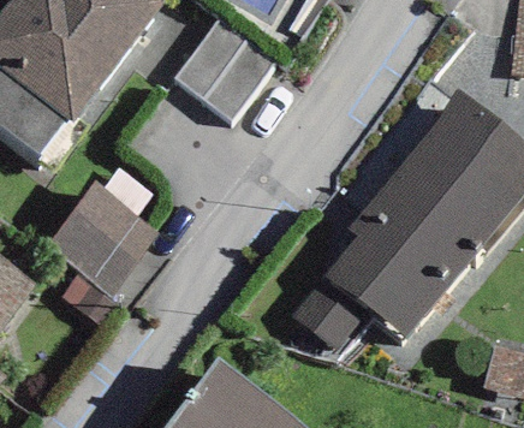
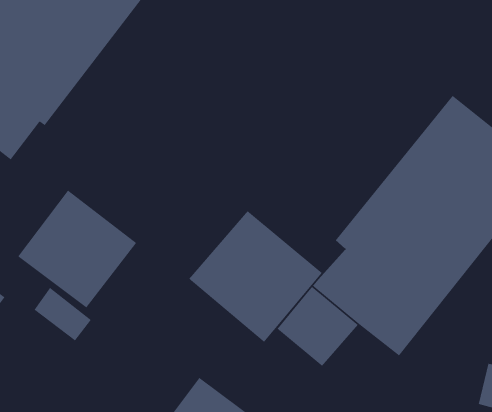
building: [173,16,281,124] -> none
building: none -> [188,210,323,343]

